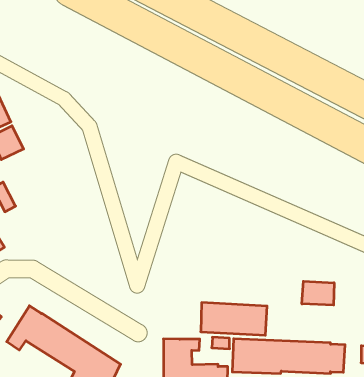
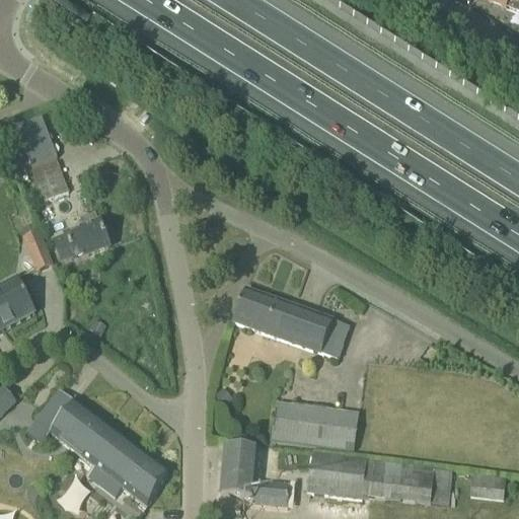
building: none -> [55,211,107,257]
building: none -> [231,287,348,358]
building: [302,281,334,305] -> none

